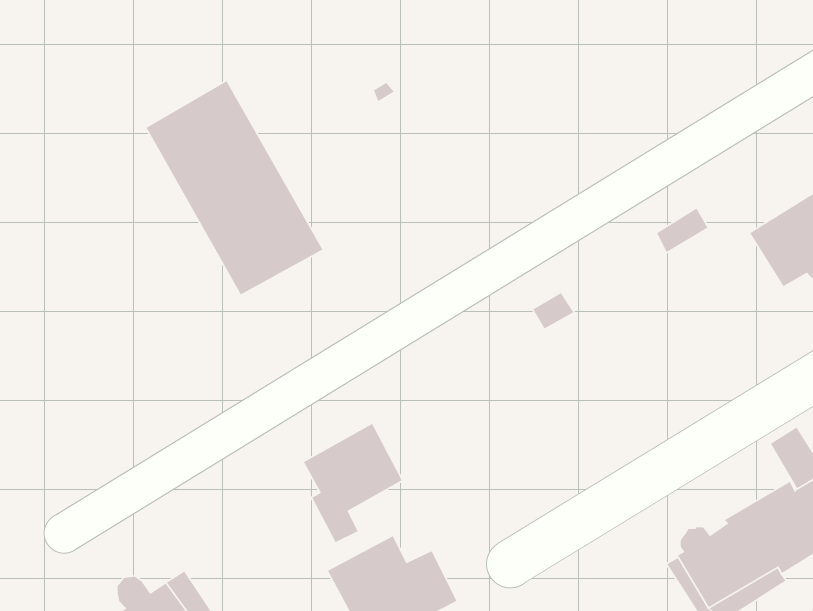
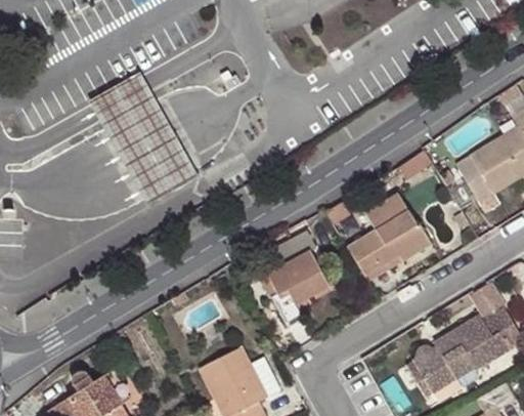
building: none -> [346,194,431,277]
building: [303,423,403,543] -> [267,253,328,326]

